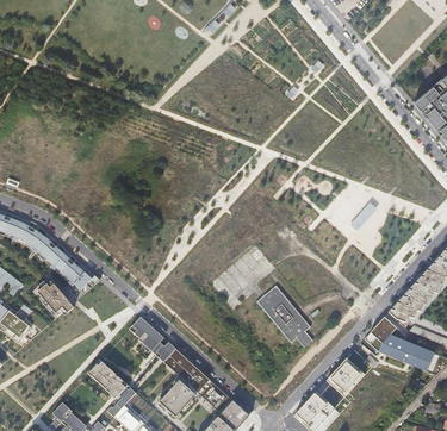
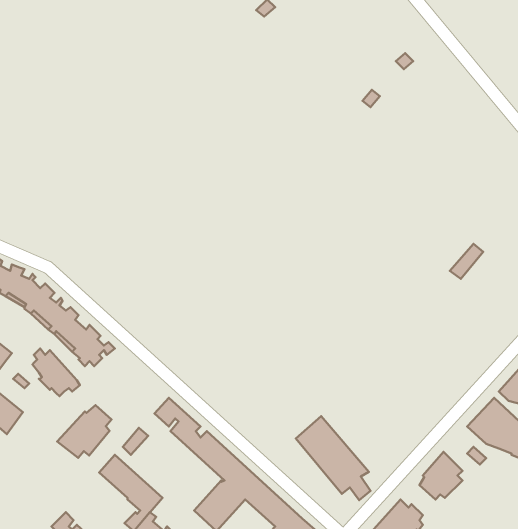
building: [256,283,312,346] -> [296,416,370,500]
building: none -> [57,405,111,458]

